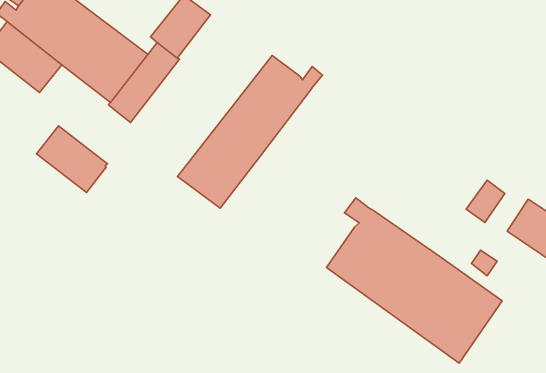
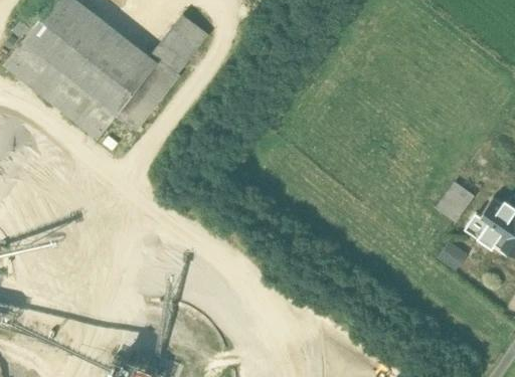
building: [178,56,322,208] -> none
building: [36,126,107,193] -> [53,76,118,137]
building: [326,198,502,363] -> none

